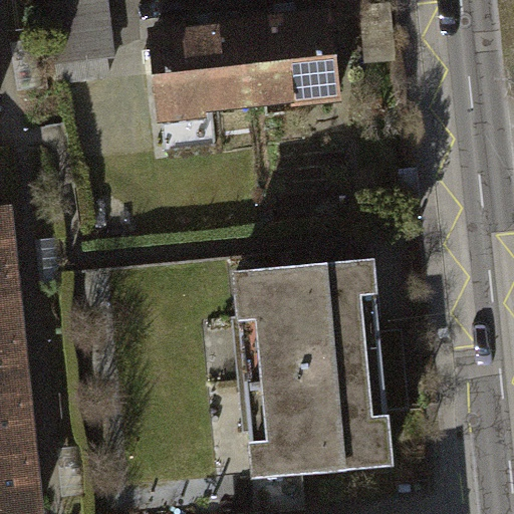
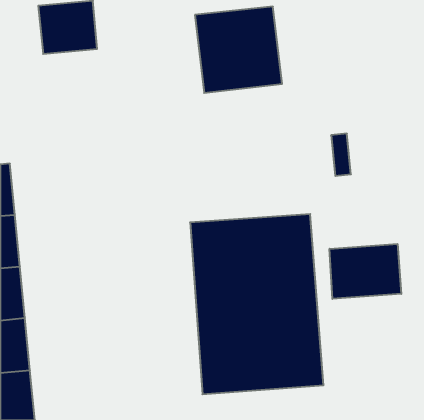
building: [141,18,247,122] -> none
building: none -> [330,244,401,299]

